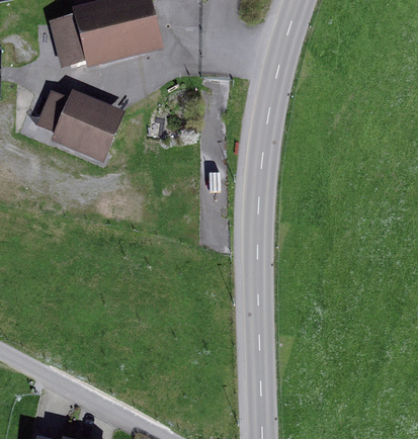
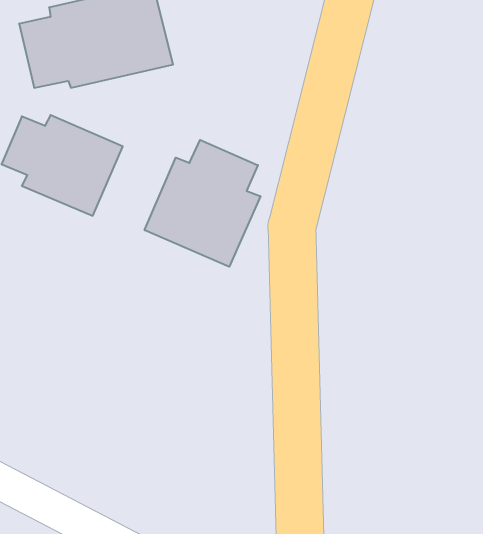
building: none -> [145,140,260,267]

